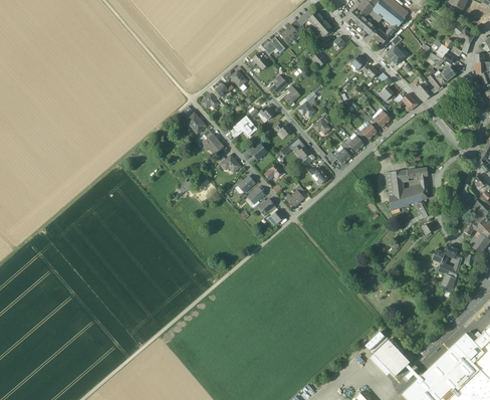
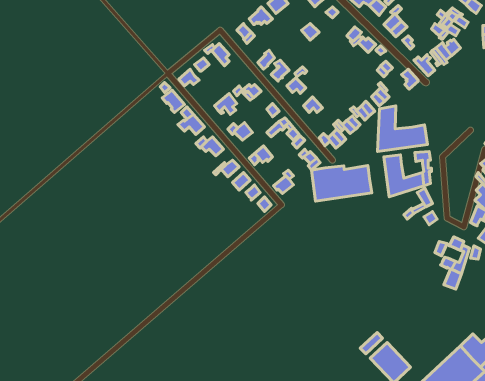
building: none -> [377,106,427,151]
building: none -> [311,165,372,201]

